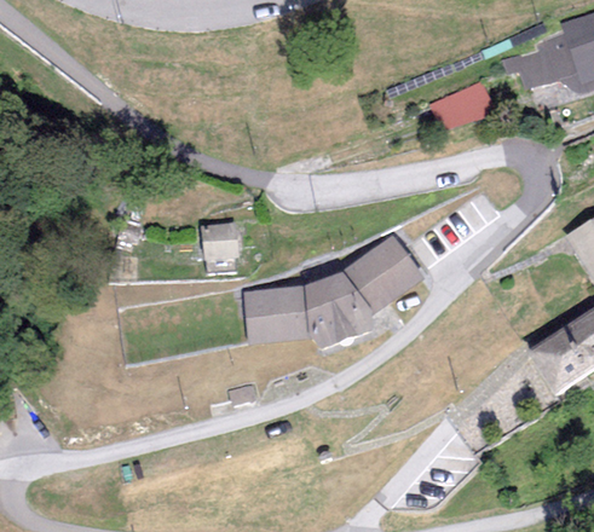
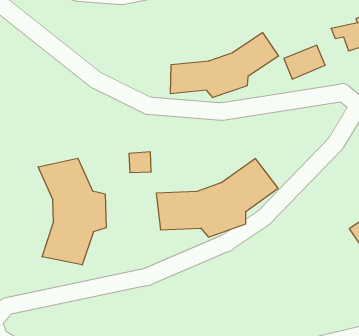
building: none -> [170,33,279,98]
building: none -> [38,158,106,265]

